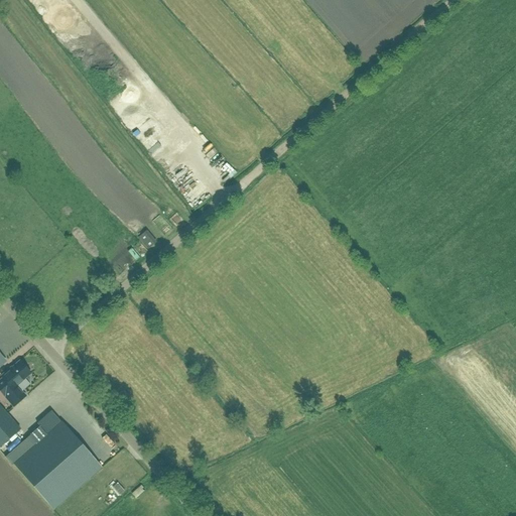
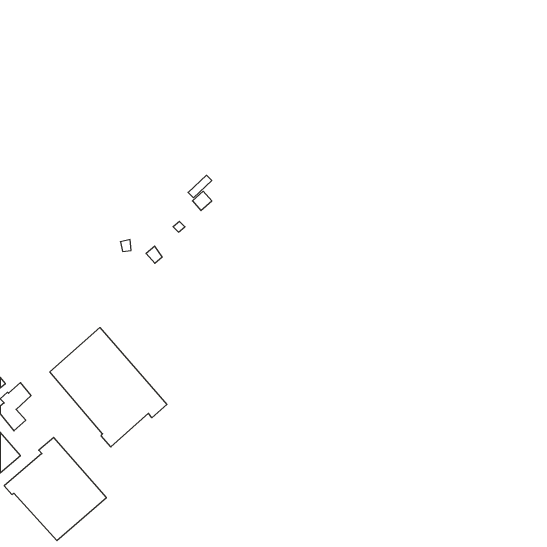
building: none -> [50,328,167,447]

